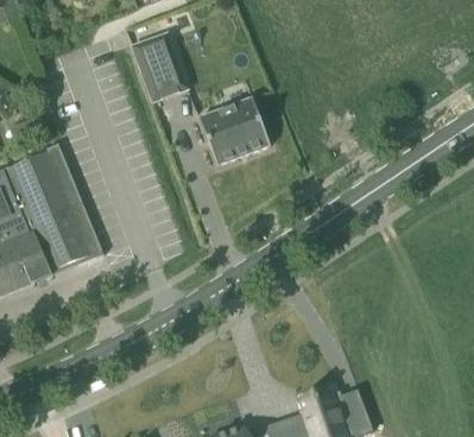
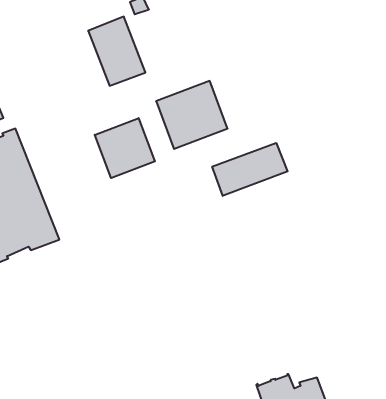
building: none -> [95,118,155,178]
building: none -> [212,143,288,196]

